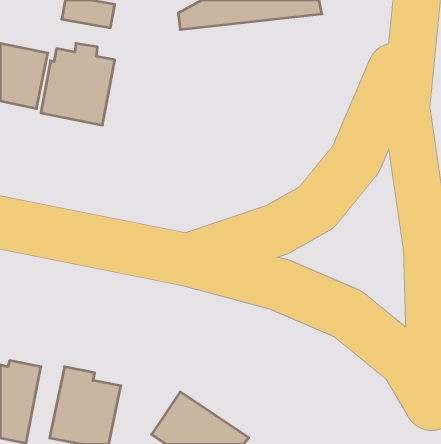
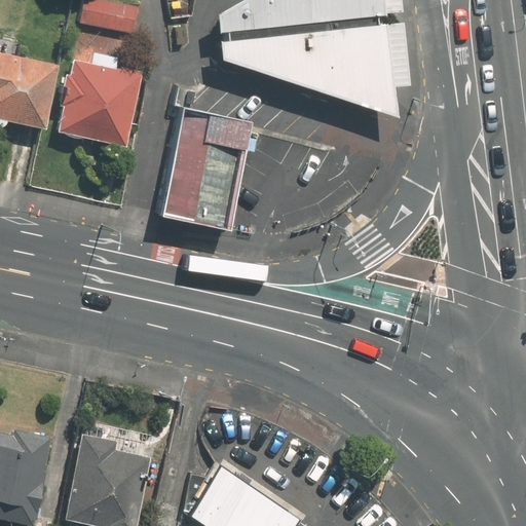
building: none -> [217,26,394,119]
building: none -> [166,109,259,231]

